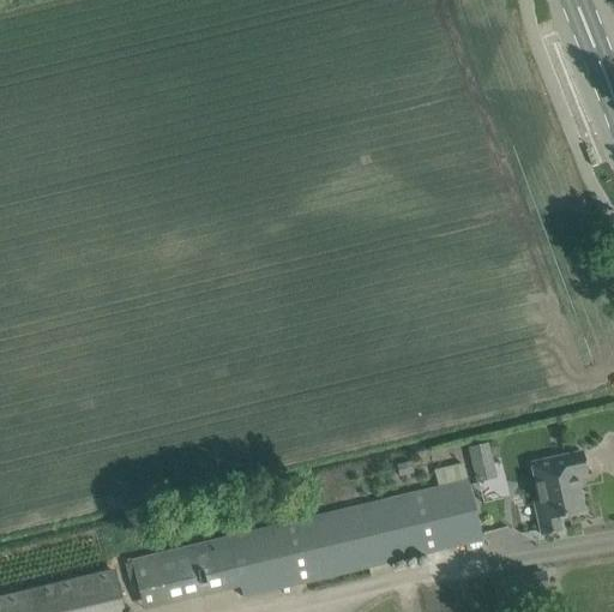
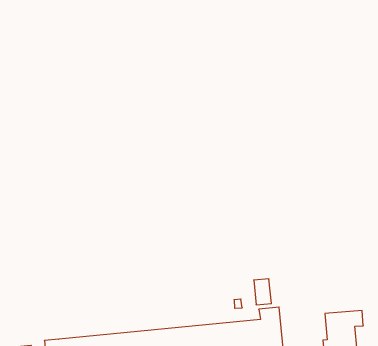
building: [468,442,498,481] -> [254,279,271,305]

